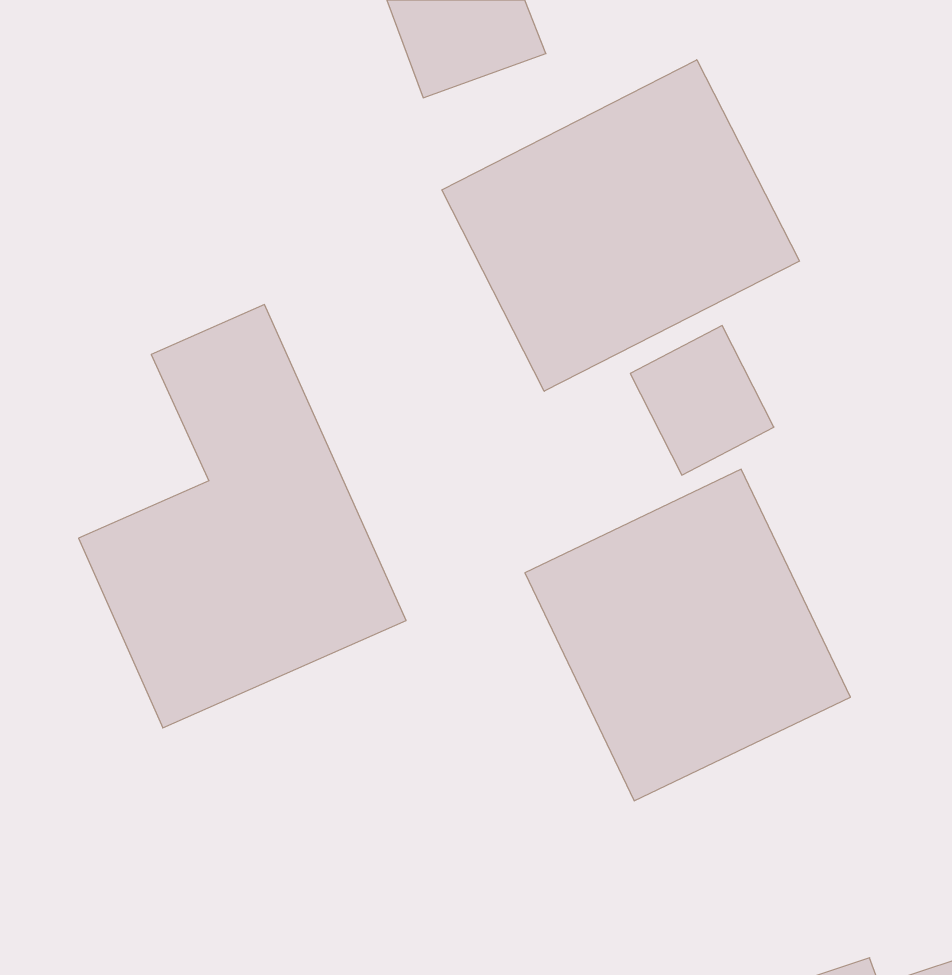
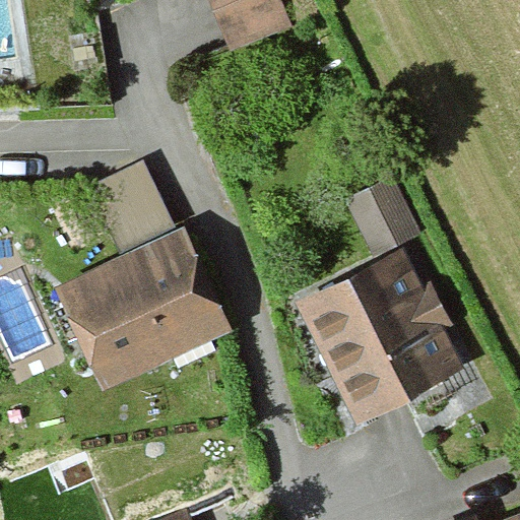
building: [442,60,799,391] -> none

